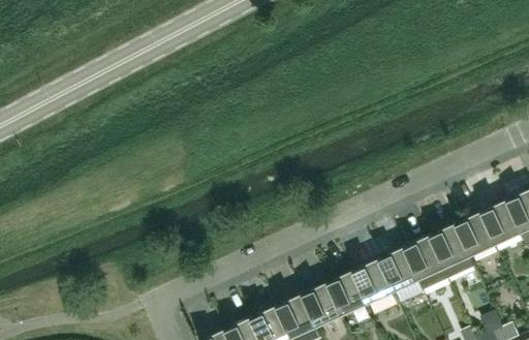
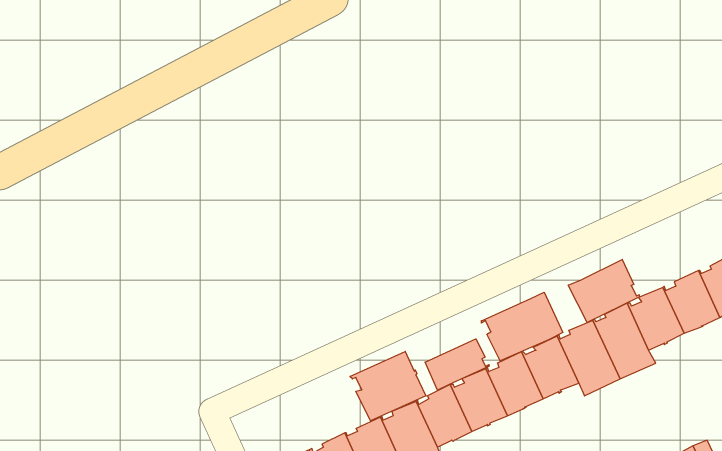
building: none -> [568,259,639,322]
building: none -> [481,292,563,361]
building: none -> [425,339,489,390]
building: none -> [350,351,426,421]

